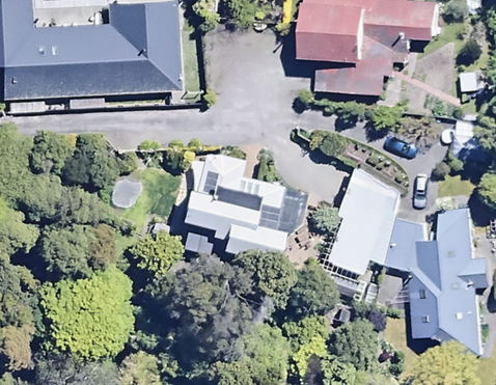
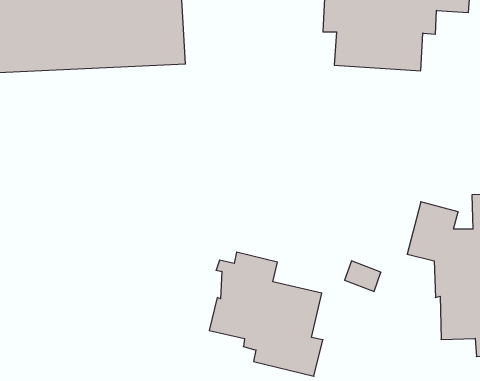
building: [181,150,284,264] -> [209,252,323,376]
building: [327,165,401,274] -> none

